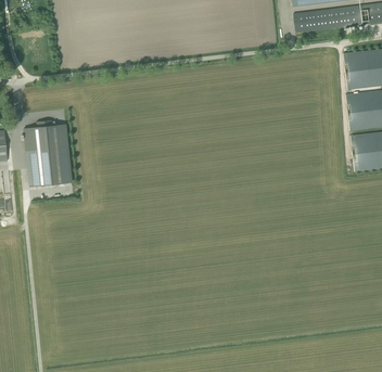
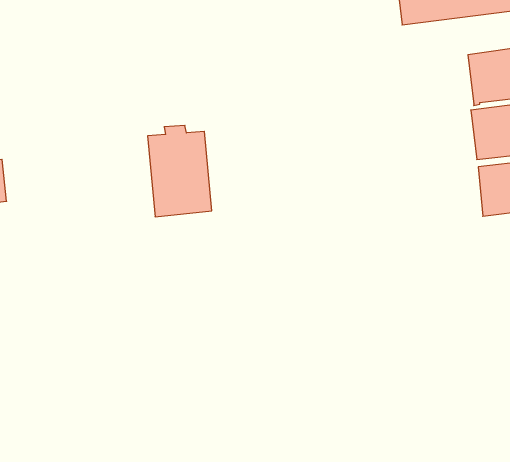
building: [25,120,72,187] -> [148,125,212,217]

